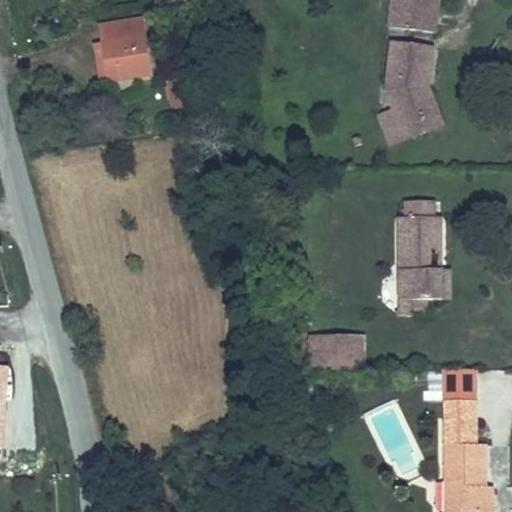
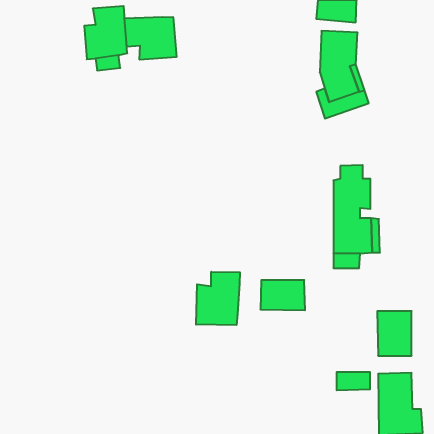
building: none -> [125,17,176,60]
building: none -> [196,272,240,325]
building: [446,420,485,441] -> [337,372,370,390]

